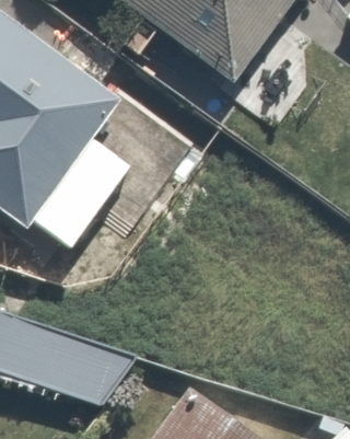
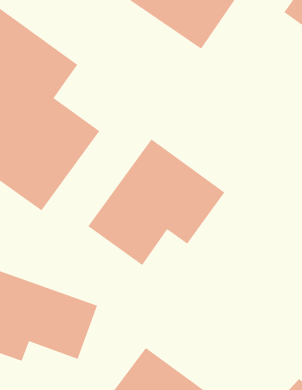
building: none -> [87,138,225,266]

